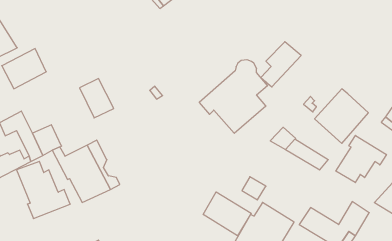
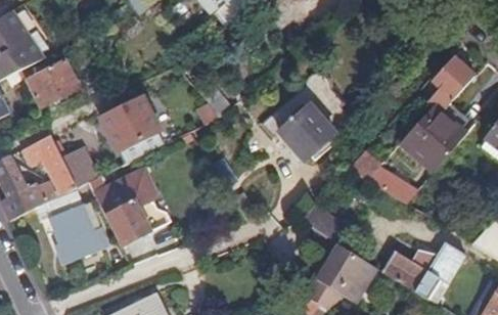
building: [261,42,301,87] -> [426,59,474,114]
building: none -> [99,106,136,151]
building: [336,135,386,183] -> none
building: [203,192,251,236] -> none

